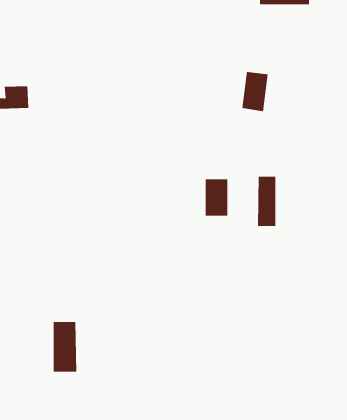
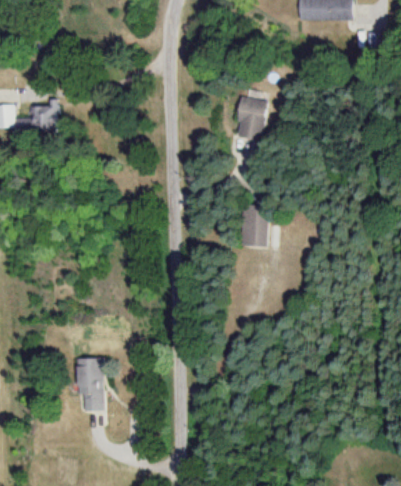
building: [241,71,269,112] -> [245,96,274,139]
building: [257,176,276,227] -> none

